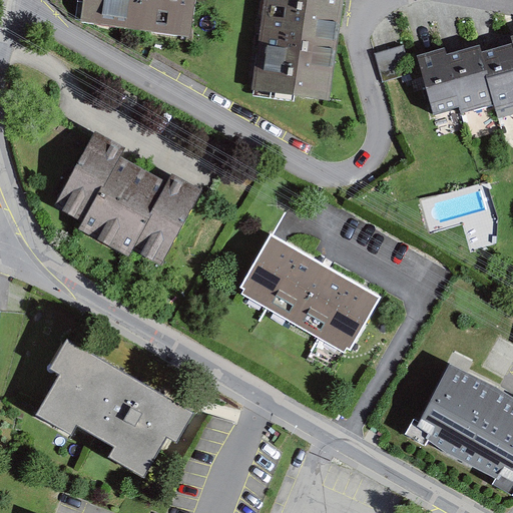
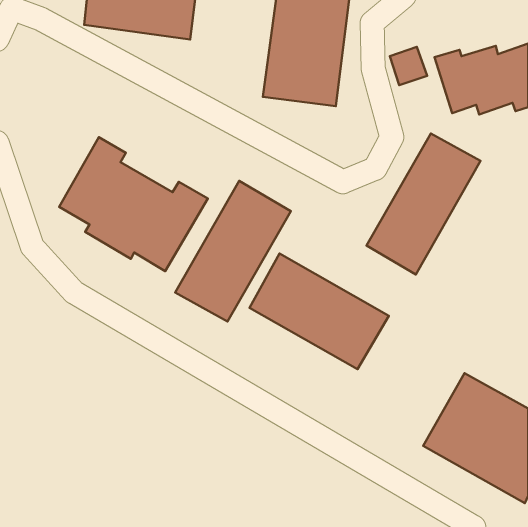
building: none -> [366,133,481,275]
building: none -> [175,181,291,321]
building: [36,335,194,473] -> none

